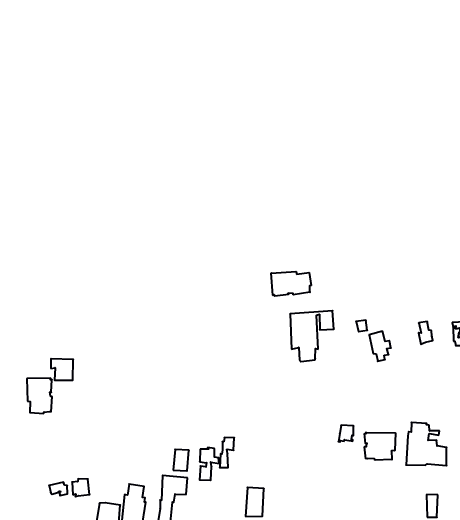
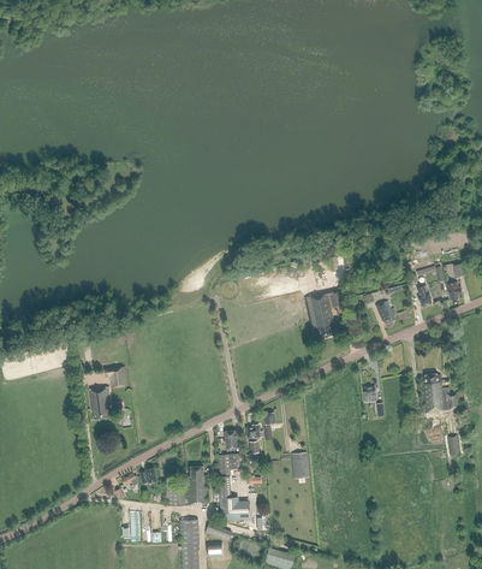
building: [271,272,311,296] -> none
building: [365,432,395,460] -> none

